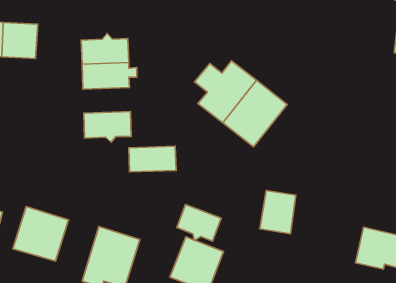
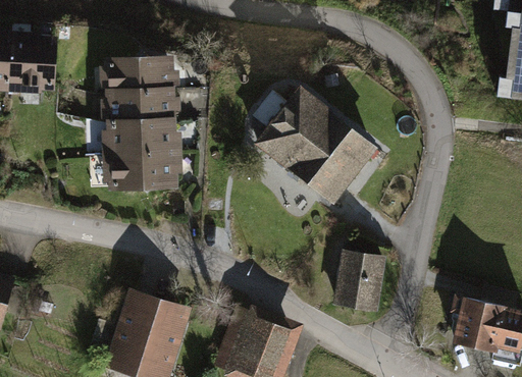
building: [129,146,176,172] -> [112,122,172,155]
building: [177,204,221,241] -> none
building: [13,206,68,261] -> none

